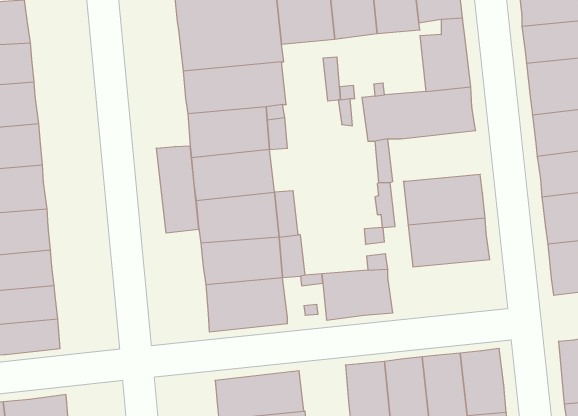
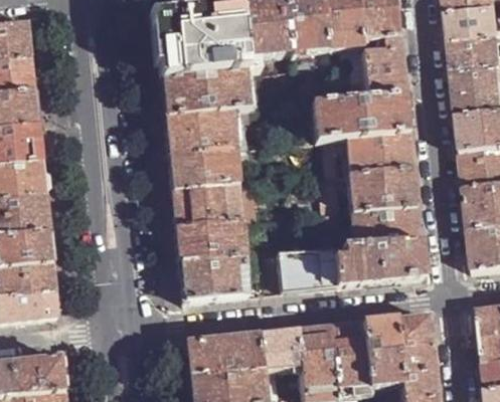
building: none -> [345,129,412,172]
building: [156,146,199,233] -> none
building: none -> [334,238,424,283]
building: none -> [259,328,301,367]

